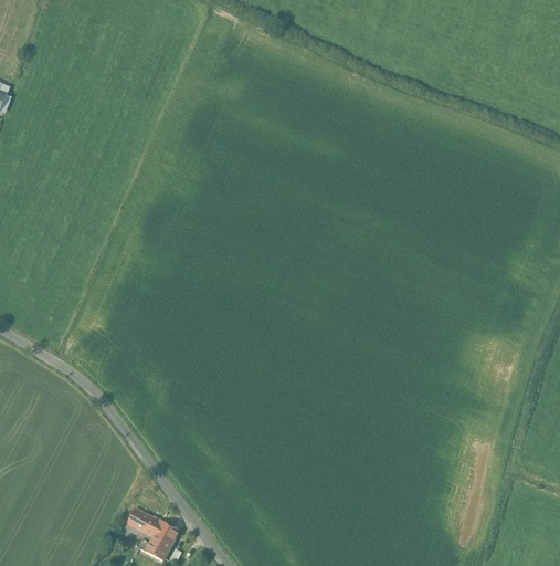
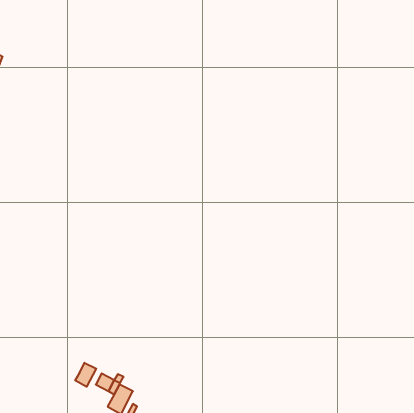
building: none -> [75,363,96,387]

